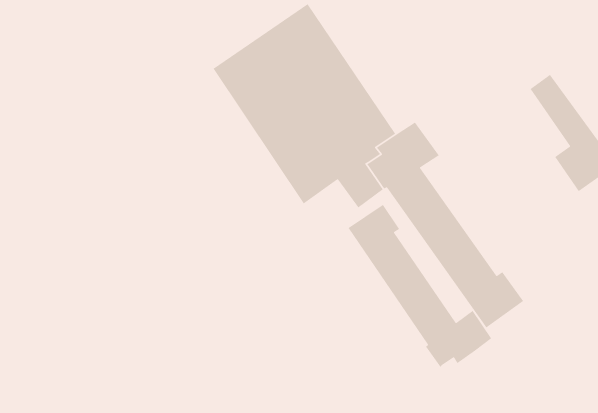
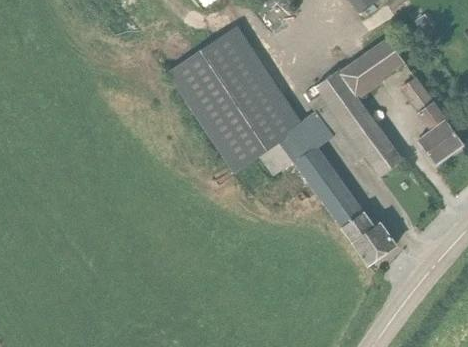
building: none -> [304,34,405,176]
building: [347,204,492,368] -> none

